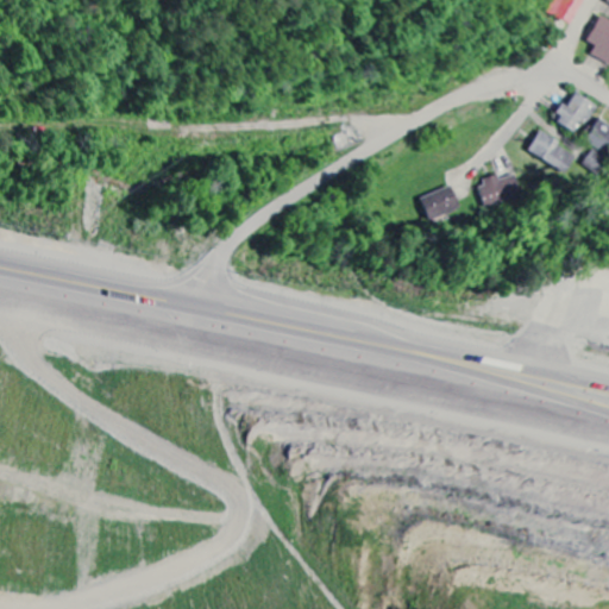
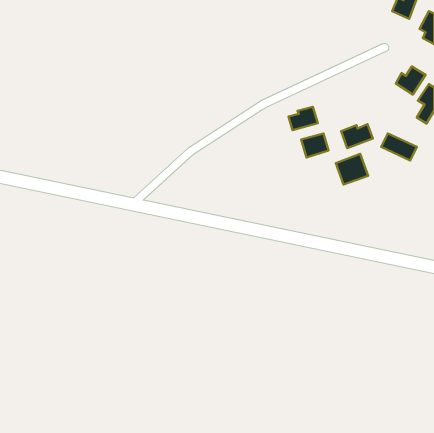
building: [527,133,577,171] -> [381,133,417,161]
building: none -> [288,107,318,130]
building: none -> [336,154,368,184]

